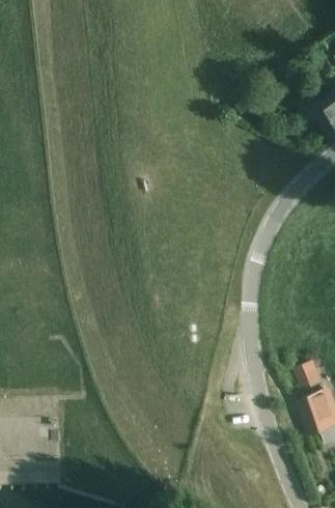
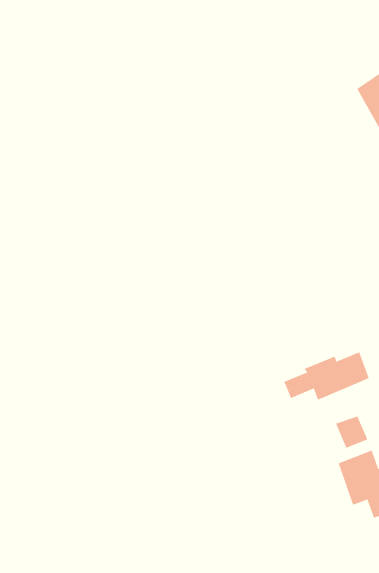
building: none -> [284,351,369,400]

